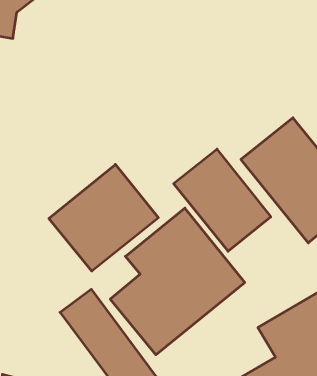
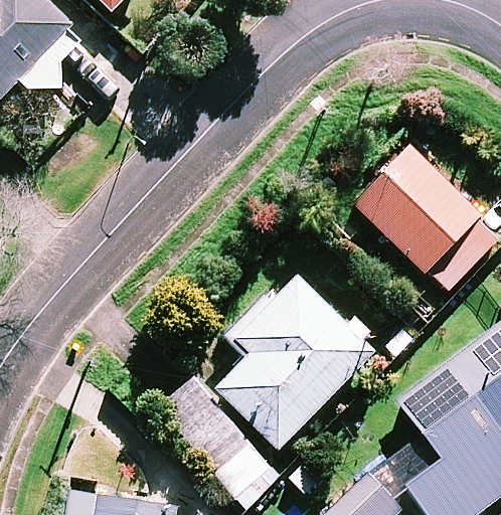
building: [174,149,271,251] -> none
building: [49,164,158,271] -> none

